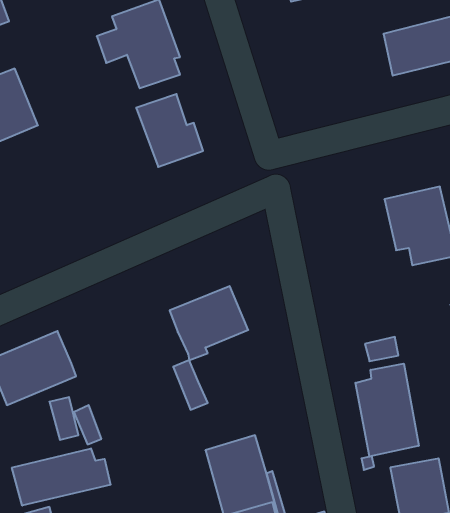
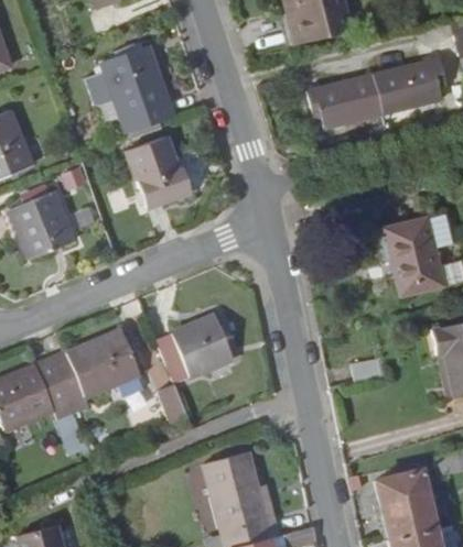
building: none -> [302,74,378,127]
building: none -> [19,189,79,256]
building: none -> [58,327,148,393]
building: [355,364,419,457] -> none
building: [12,448,111,506] -> none

